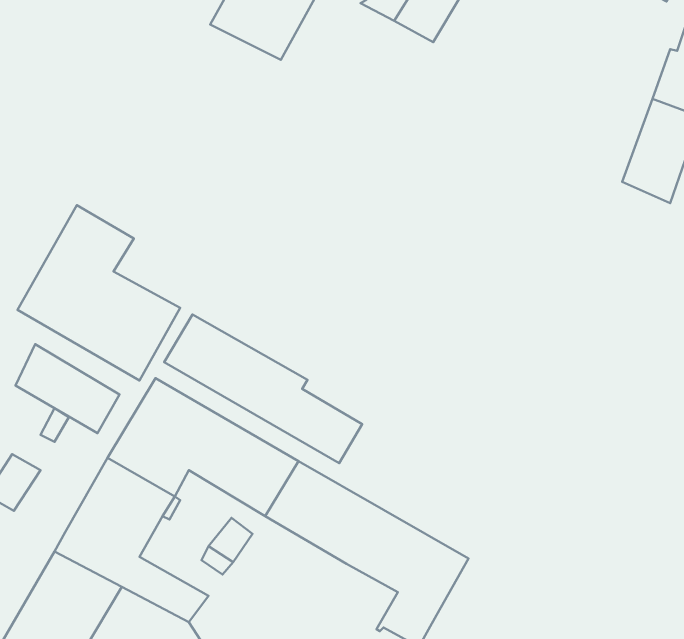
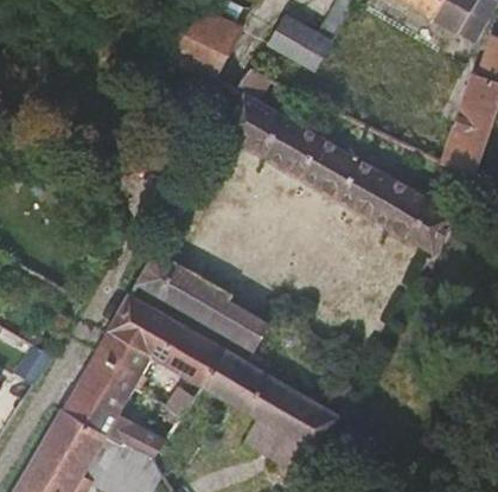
building: none -> [215,69,454,253]
building: [17,205,180,381] -> none
building: [16,344,120,433] -> none
building: none -> [243,418,292,462]

